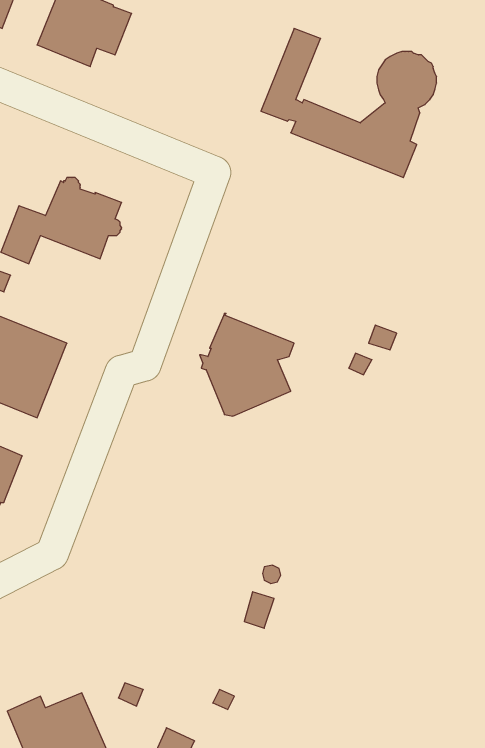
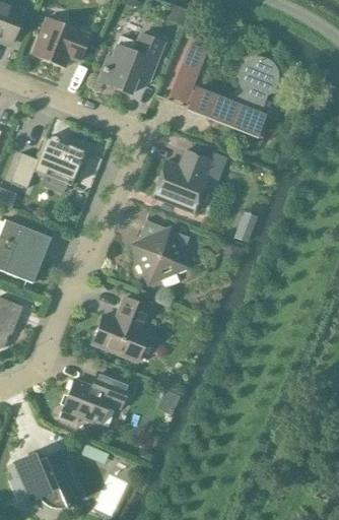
building: none -> [98,32,164,93]
building: none -> [152,149,210,212]
building: none -> [92,297,150,361]
building: none -> [61,375,130,424]

